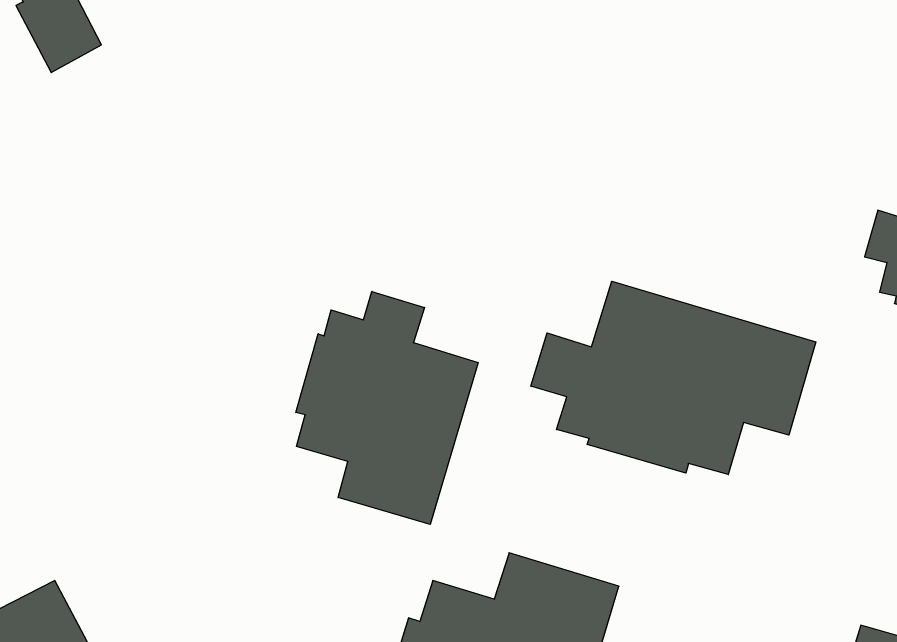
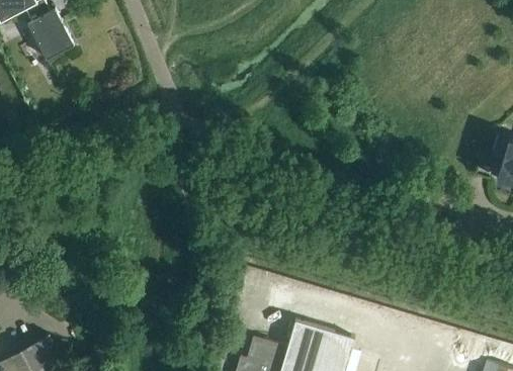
building: [531,281,816,475] -> none
building: [296,291,478,524] -> none

